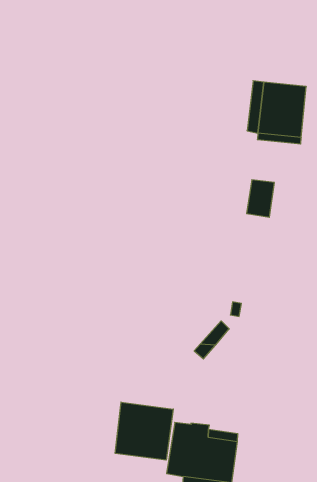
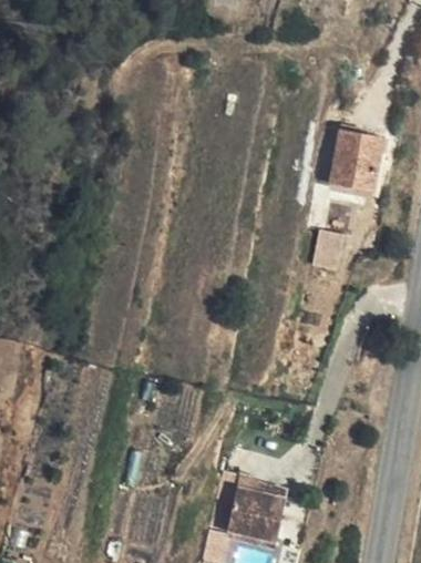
building: [115,402,173,460] -> none

